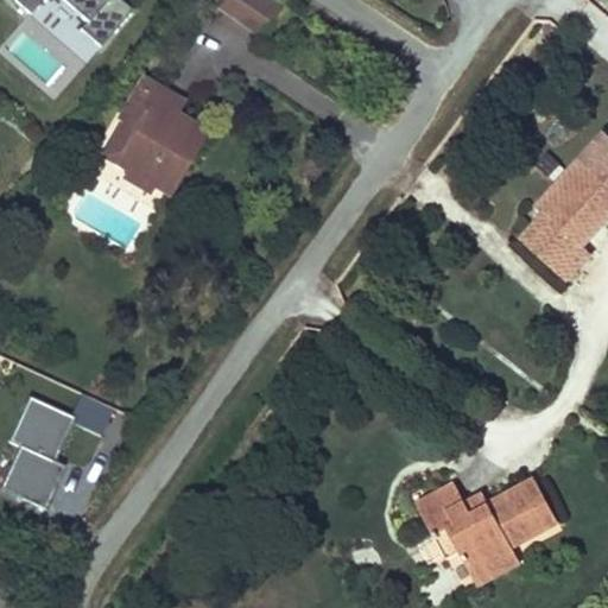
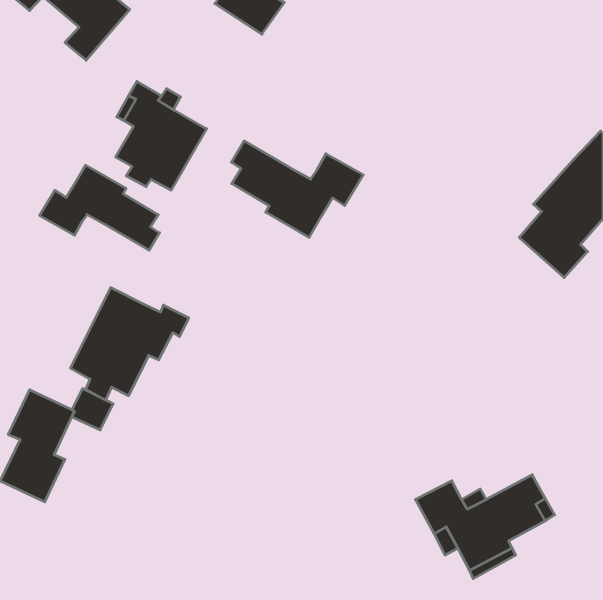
building: none -> [231,141,363,237]
building: none -> [40,165,160,250]
building: none -> [70,288,189,400]

